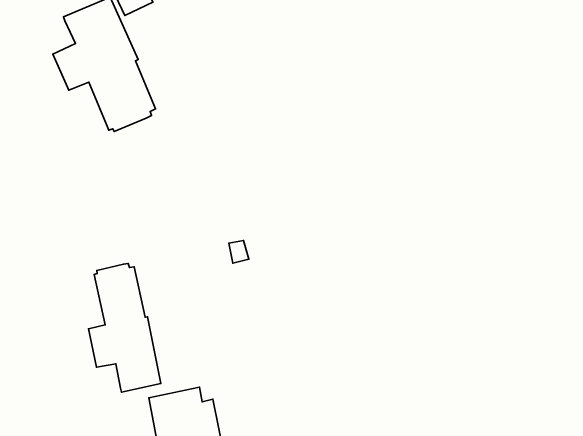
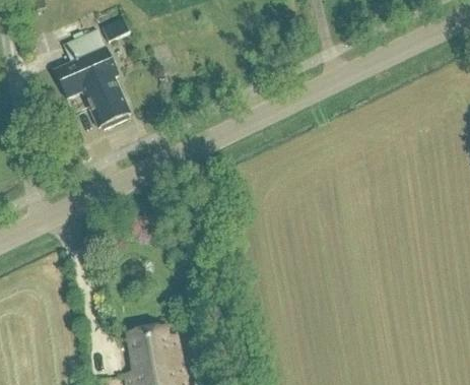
building: [89,264,161,392] -> none

